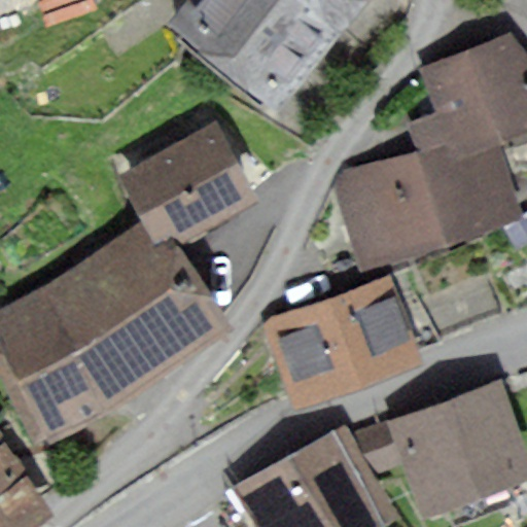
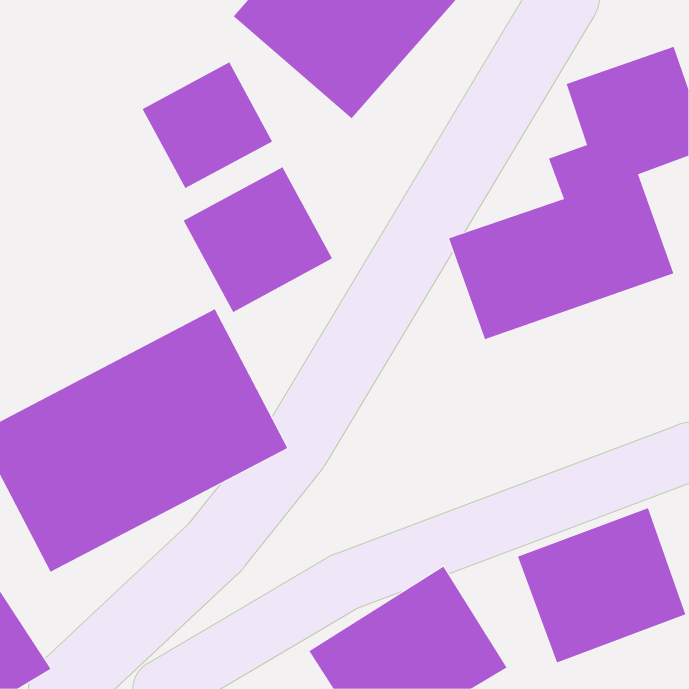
building: none -> [142,62,273,189]
building: [270,281,414,397] -> none

